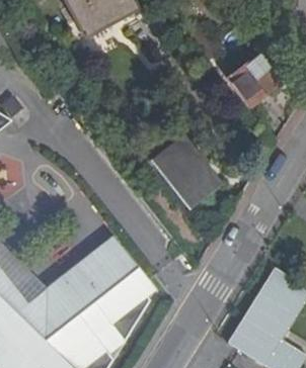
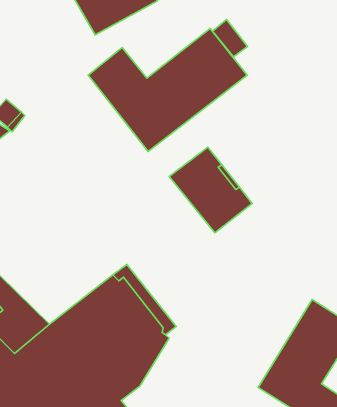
building: none -> [88,28,247,151]
building: [229,53,284,105] -> none

